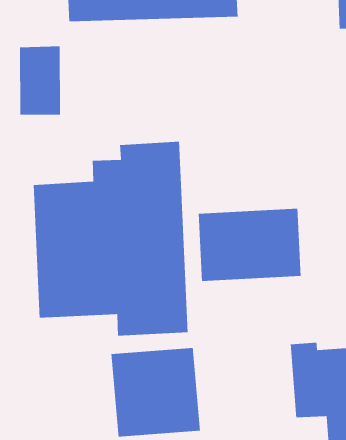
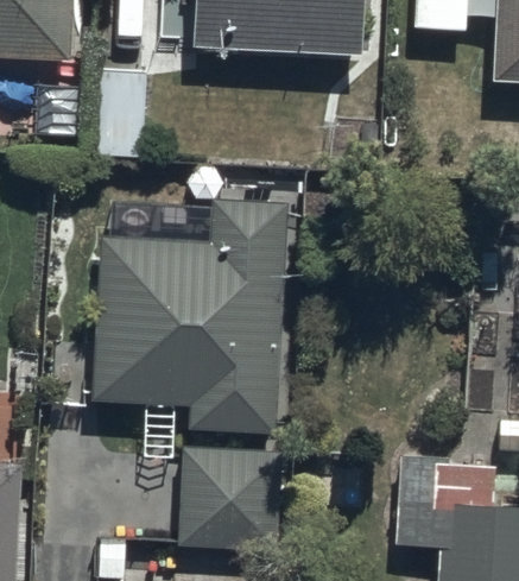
building: [198,208,301,282] -> none

